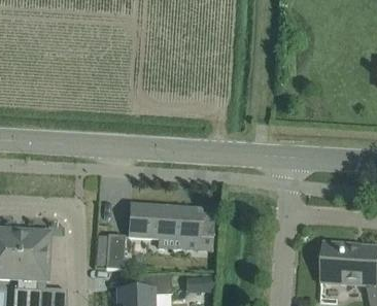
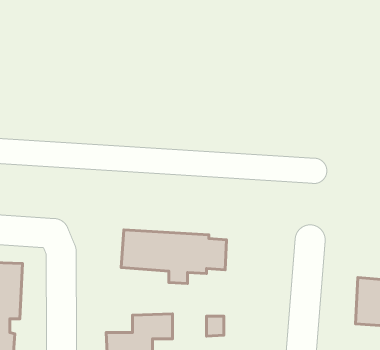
building: [105,233,125,267] -> none

